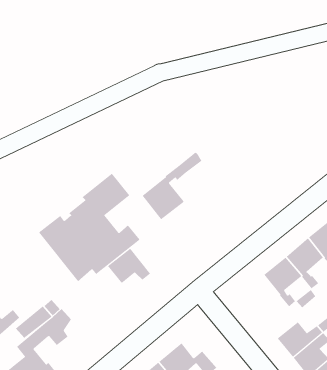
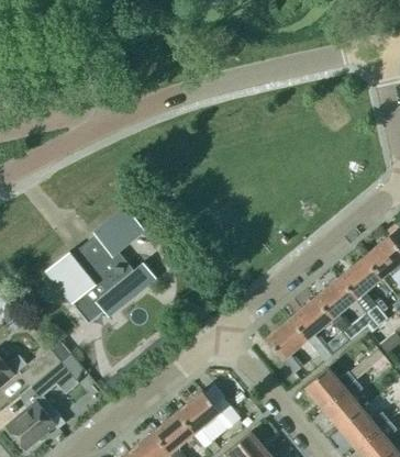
building: [142,152,202,220] -> none
building: [107,248,151,284] -> none
building: none -> [266,317,309,374]

